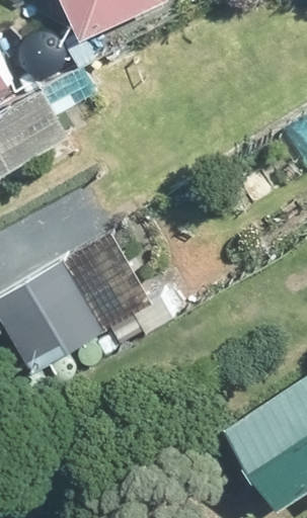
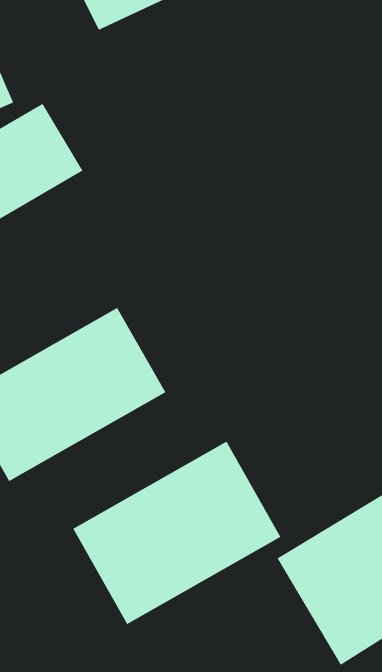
building: none -> [72,441,281,625]

